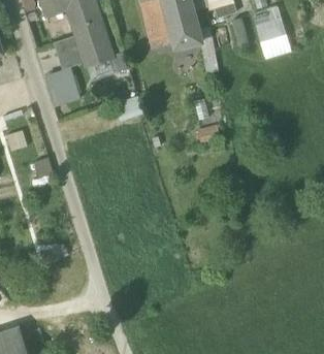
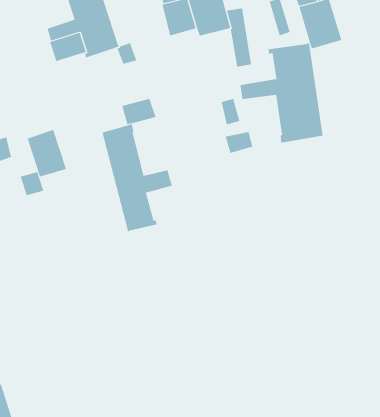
building: none -> [240,42,323,143]
building: [43,67,75,105] -> [27,129,67,177]
building: none -> [102,124,172,233]

